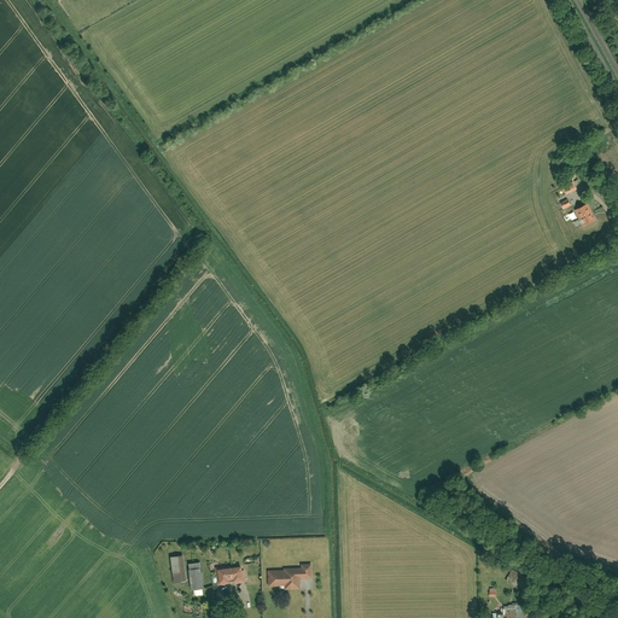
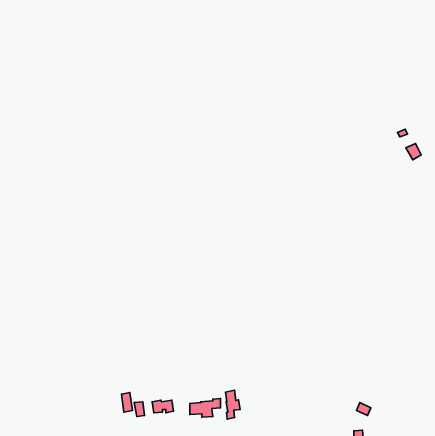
building: none -> [226,390,240,419]

